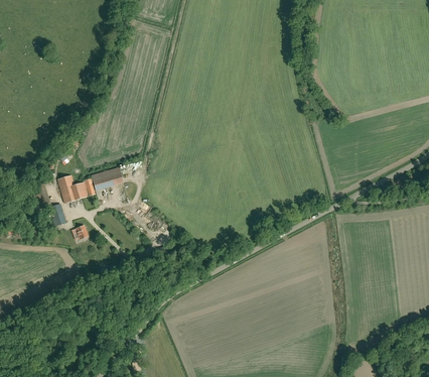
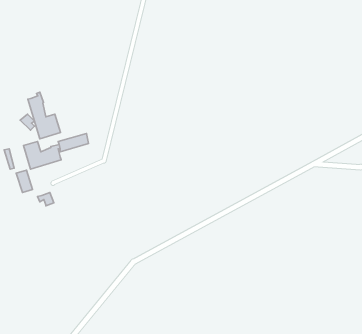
building: none -> [28,92,61,139]

